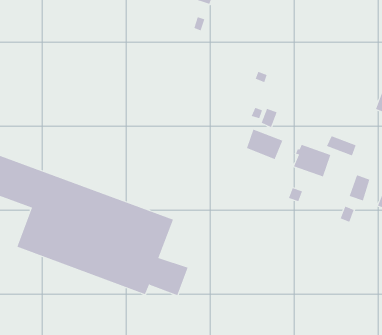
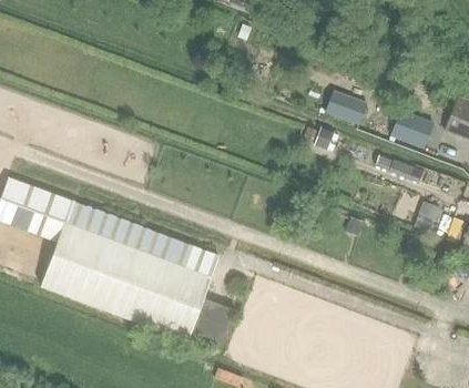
building: [246,129,283,160] -> [326,90,368,125]
building: [293,144,331,177] -> [391,110,435,147]

